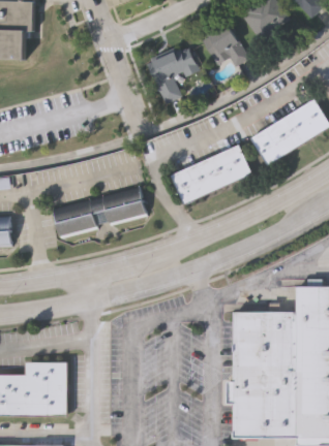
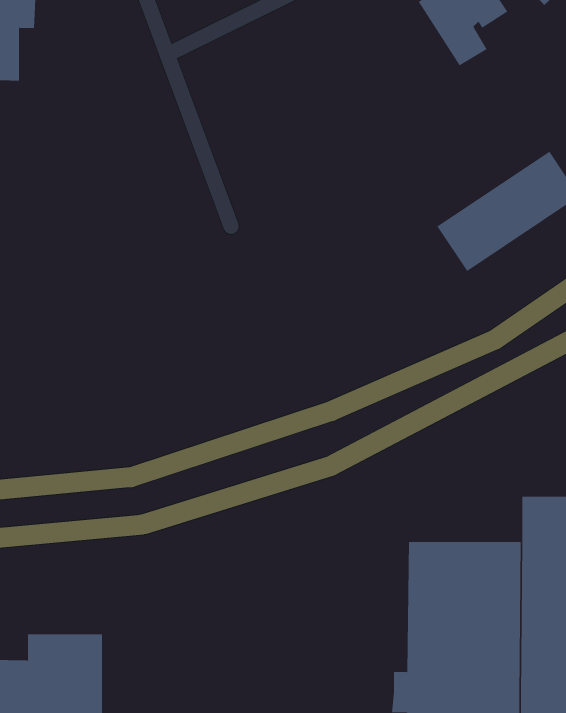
building: [203,25,248,68] -> none
building: [147,47,200,104] -> none
building: [172,144,255,203] -> none
building: [53,186,148,240] -> none

